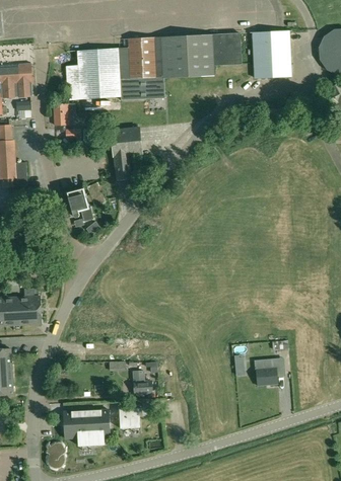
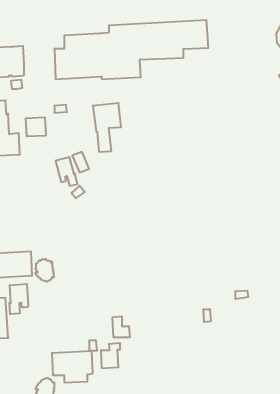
building: [253,30,291,77] -> none
building: [53,103,76,125] -> [26,118,46,136]
building: none -> [35,259,54,282]
building: none -> [9,284,28,314]
building: [255,357,284,386] -> none

